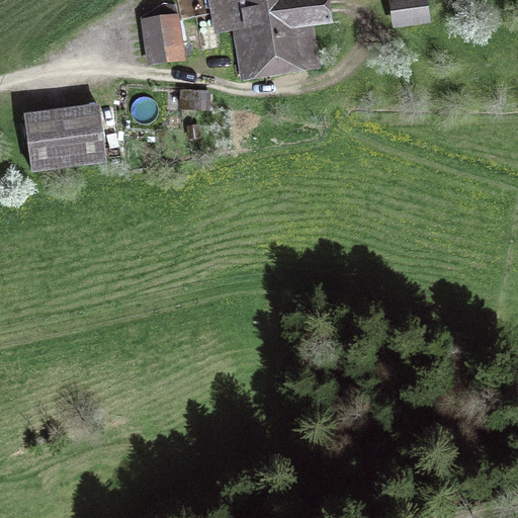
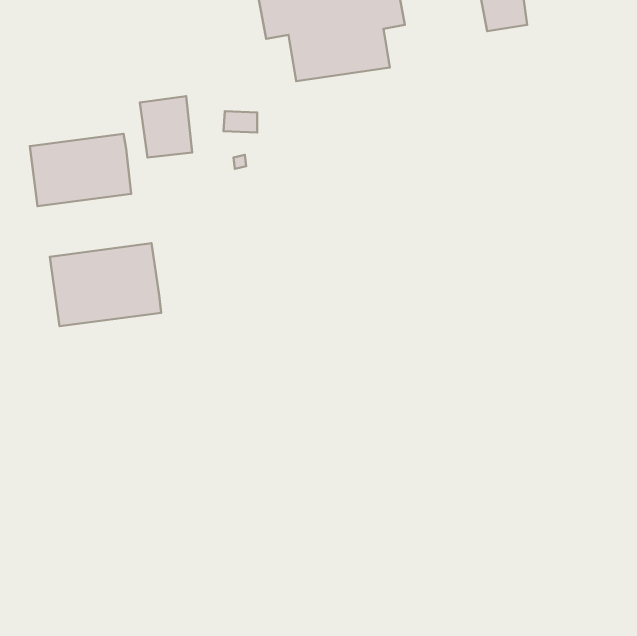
building: [141,16,183,66] -> [140,96,192,157]
building: none -> [50,243,161,326]

